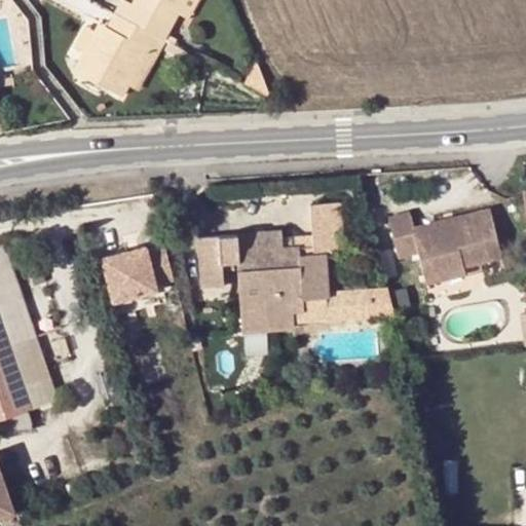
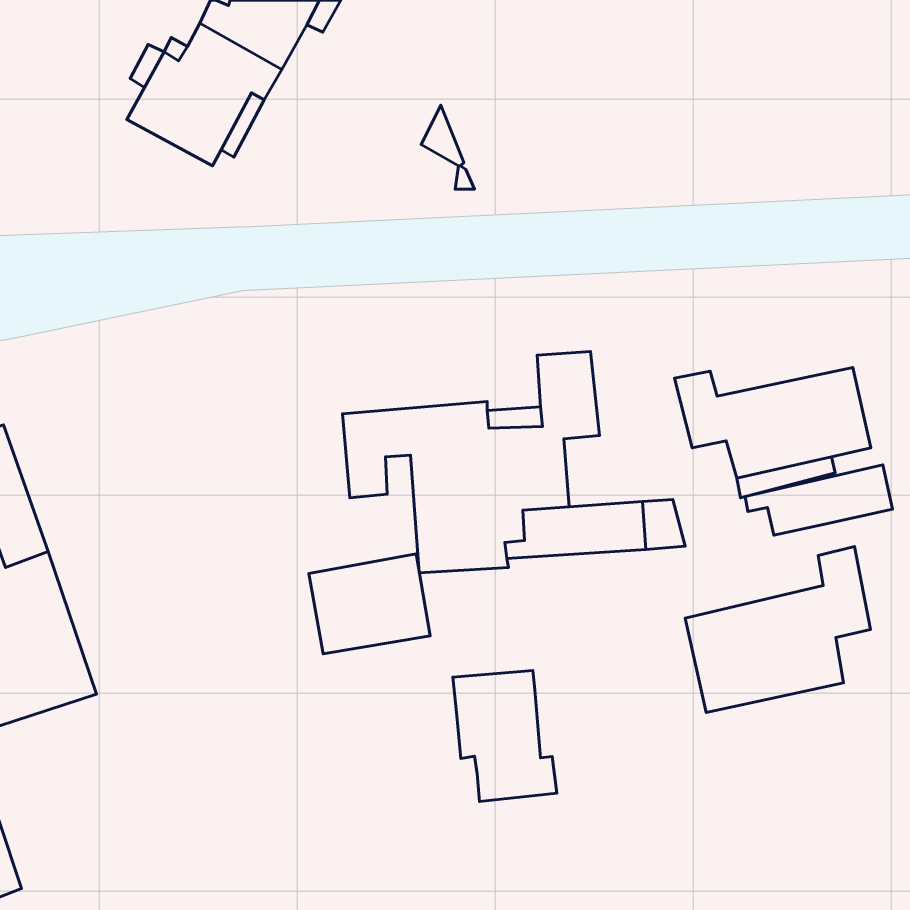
building: [90,241,160,299] -> [309,554,430,654]
building: none -> [745,465,893,535]
building: none -> [685,547,870,713]
building: none -> [453,671,557,801]

